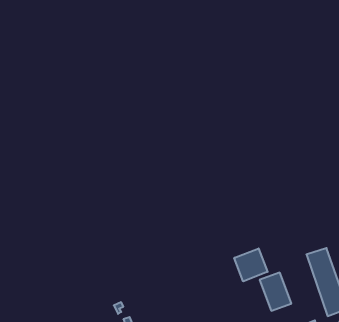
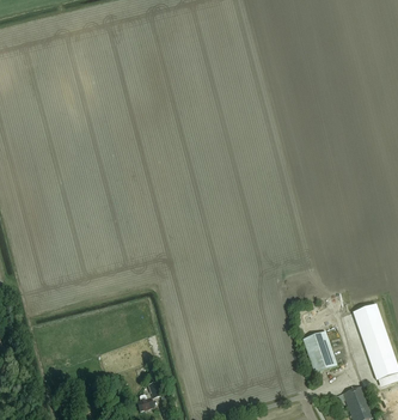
building: [234,248,268,281] -> none

